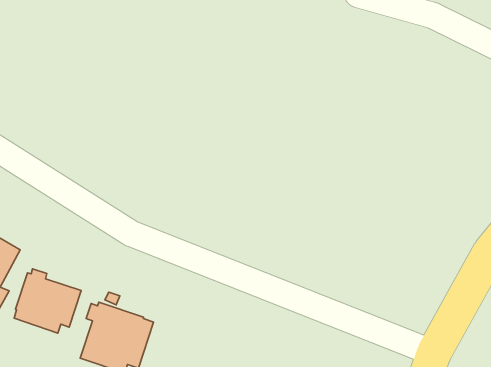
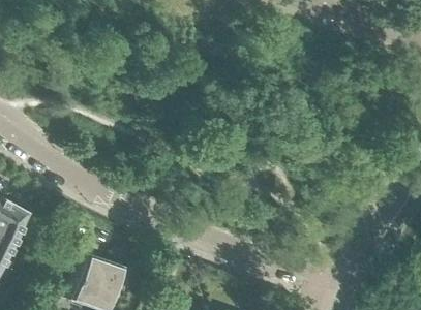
building: [14,269,81,333] -> none

